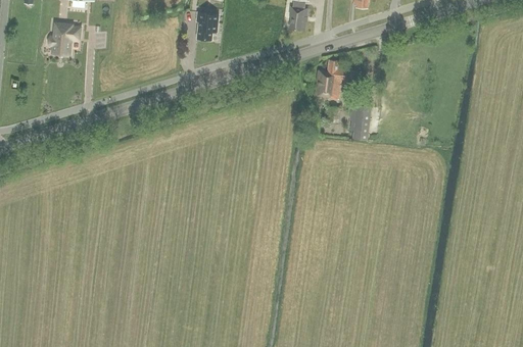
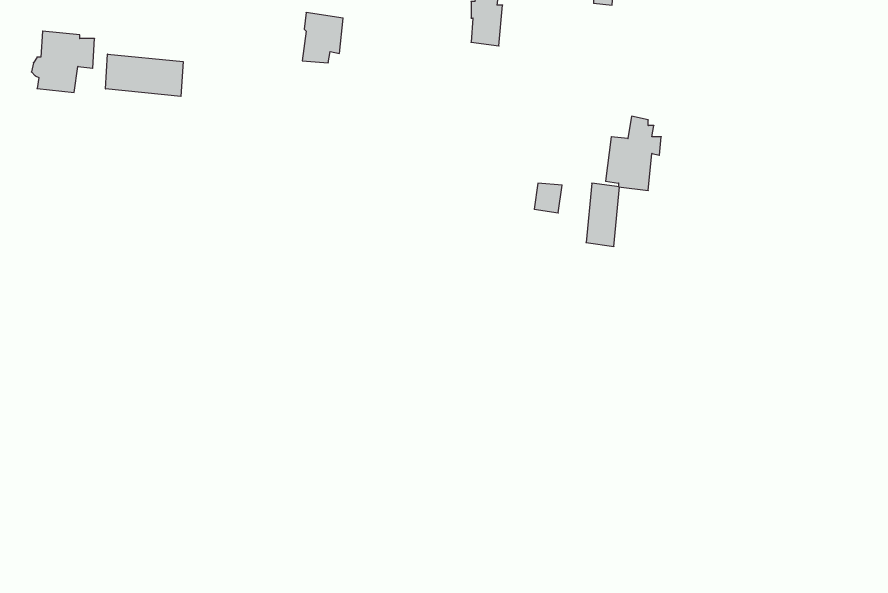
building: none -> [106,54,183,96]
building: [315,58,345,99] -> [606,116,661,190]

